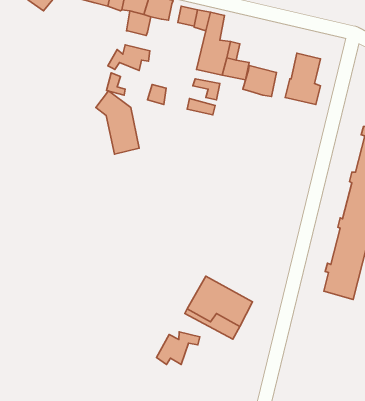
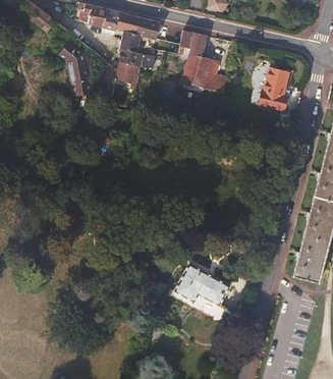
building: none -> [120,48,156,66]
building: [243,66,276,96] -> none
building: [96,91,139,154] -> [58,42,96,97]
building: [157,332,200,365] -> none

